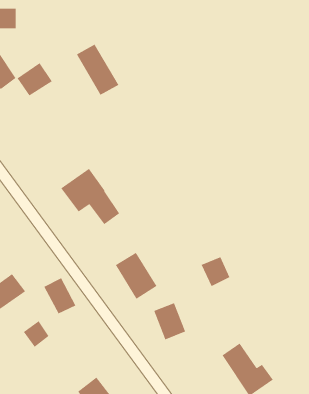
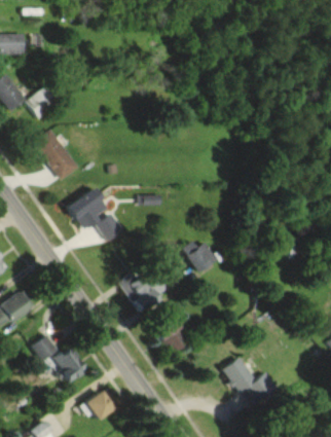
building: [76,44,120,96] -> [34,130,76,180]
building: [201,256,231,287] -> [187,244,216,274]
building: [43,277,76,314] -> [53,347,85,383]

